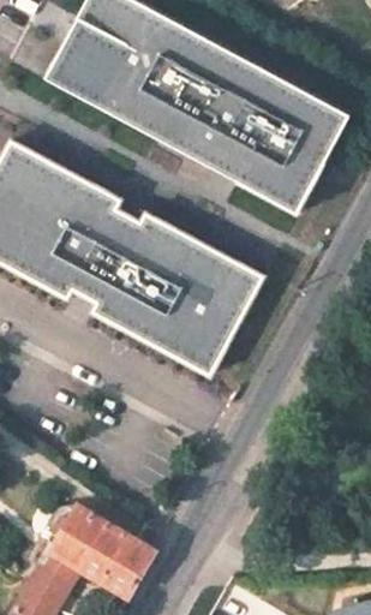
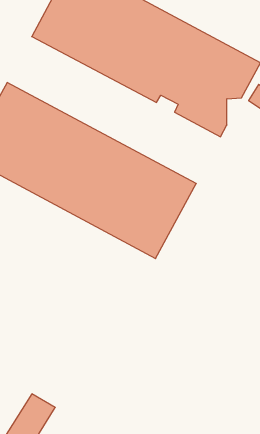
building: [47,508,155,604] -> none

